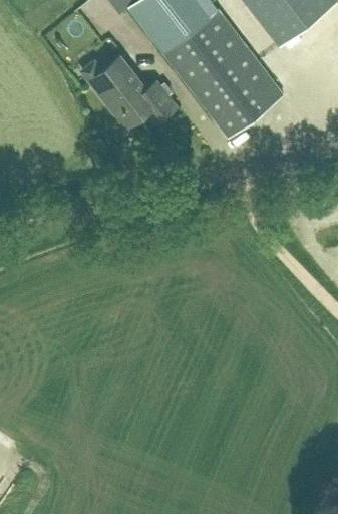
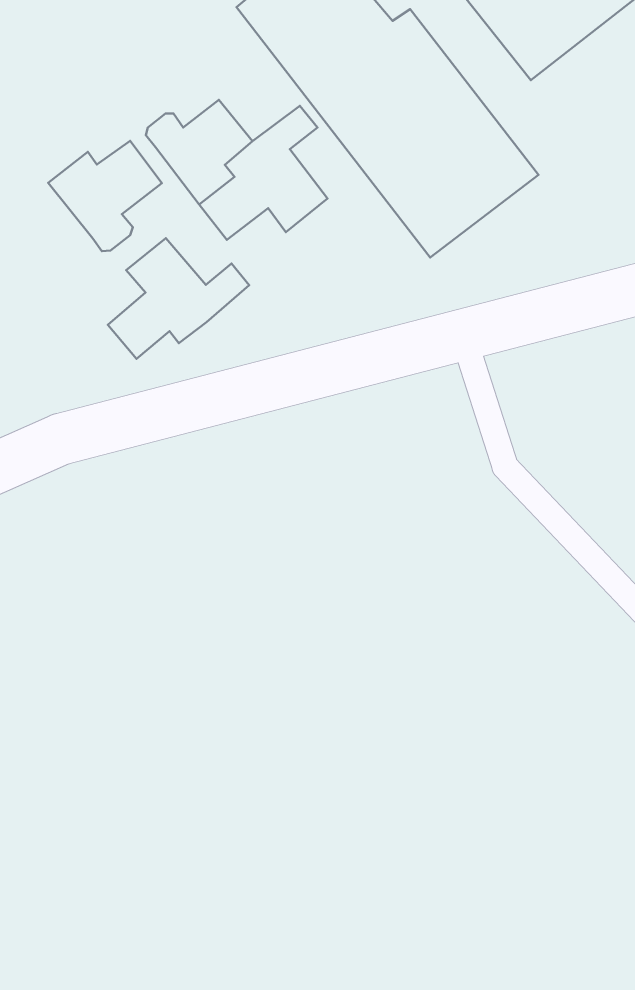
building: none -> [48,141,162,251]
building: none -> [108,238,249,359]

